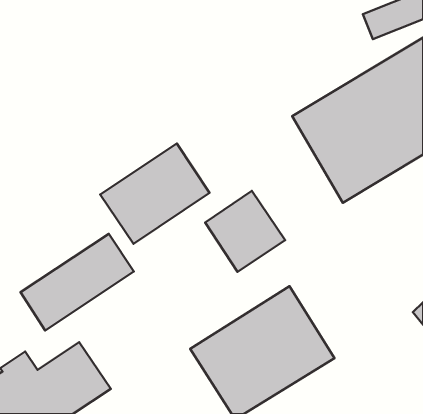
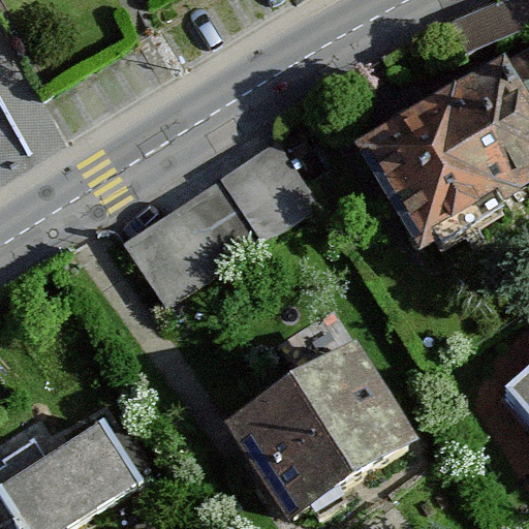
building: [205,191,285,272] -> [219,138,318,239]
building: [20,234,134,331] -> none

